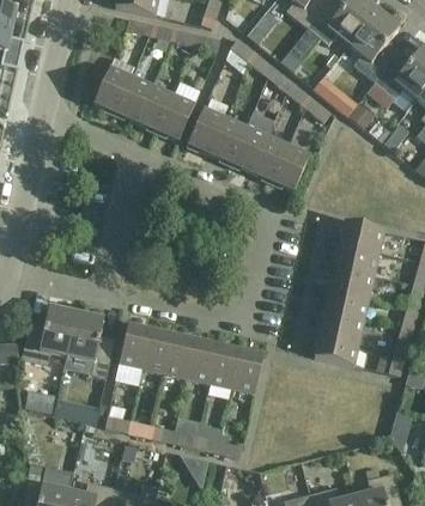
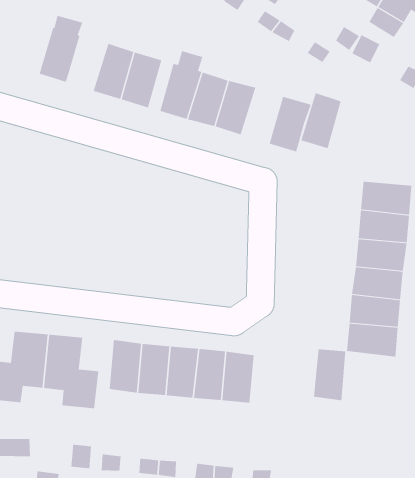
building: [116,75,153,121] -> none
building: [251,134,289,181] -> [300,93,342,149]
building: [232,349,263,394] -> [313,349,346,401]

